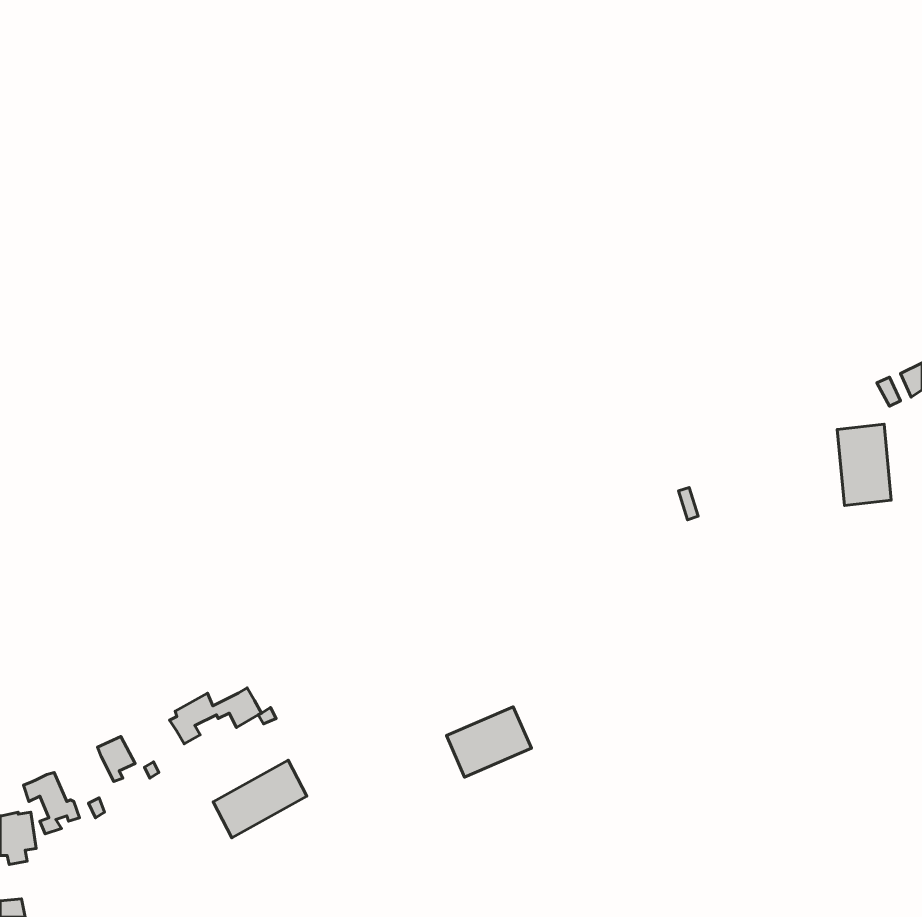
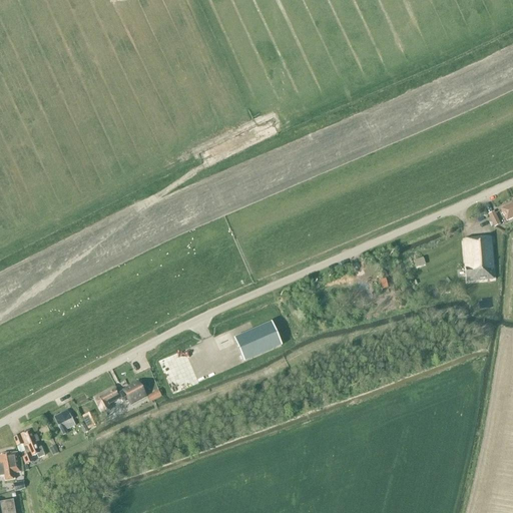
building: [447,707,531,777] -> [233,321,281,360]
building: [213,760,307,838] -> none

